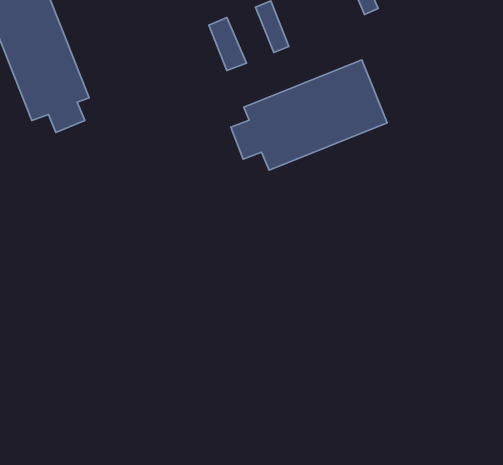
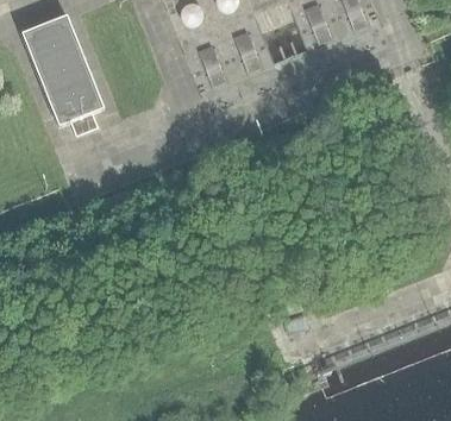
building: [231,60,387,170] -> none

